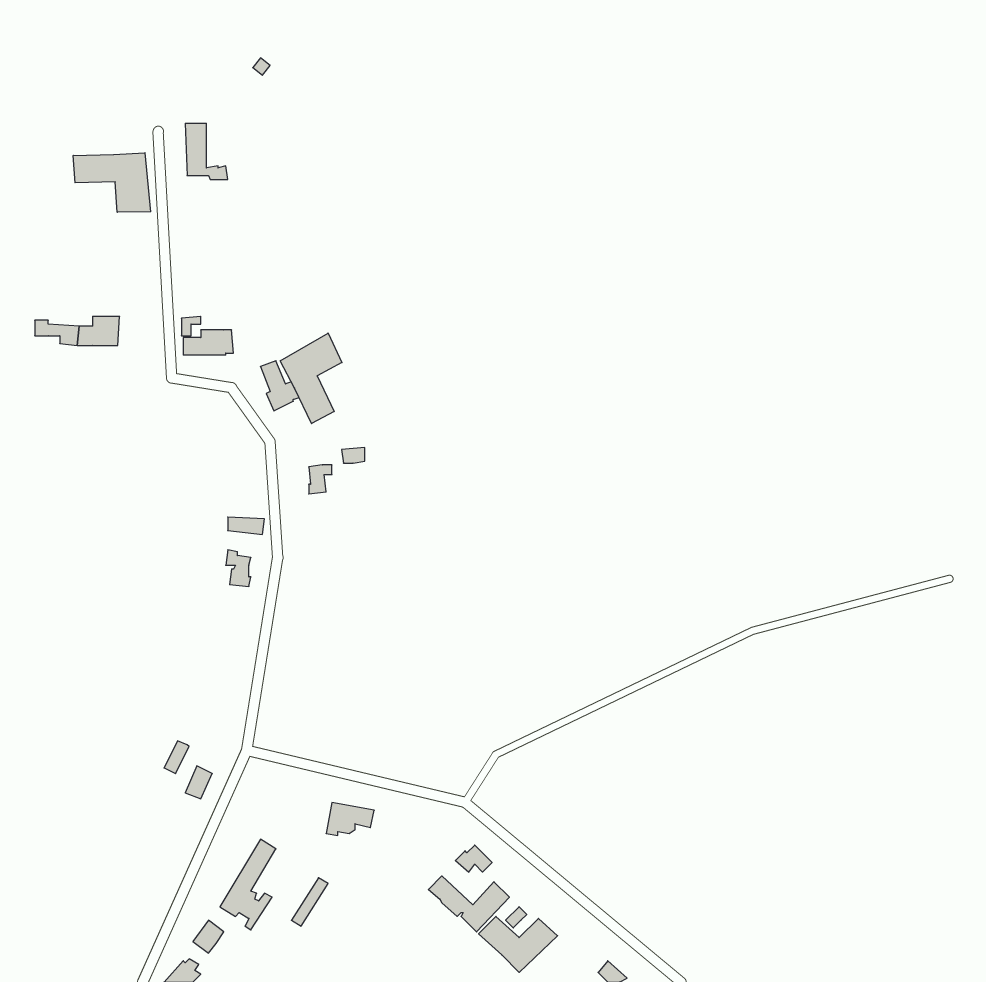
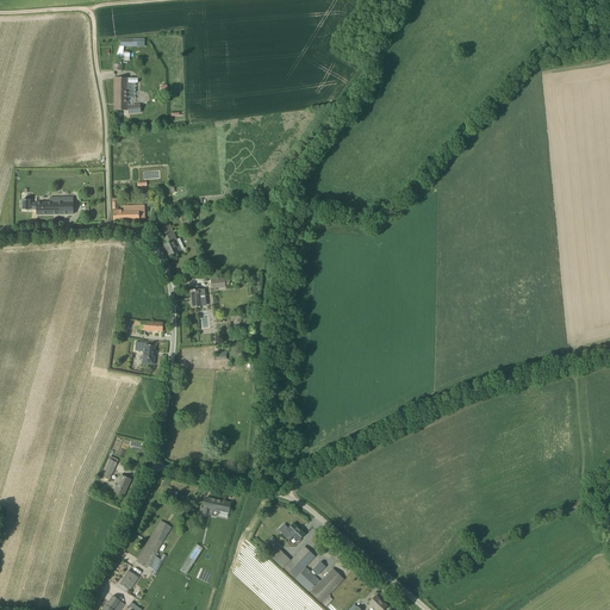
building: [73,153,151,212] -> none
building: [280,333,342,424] -> none

